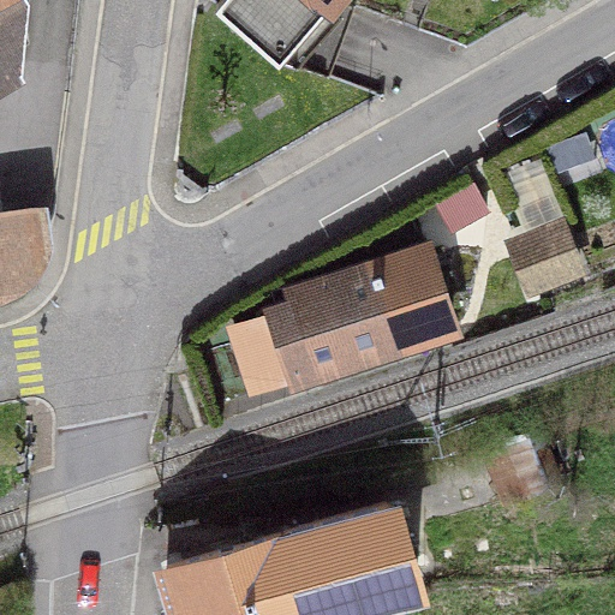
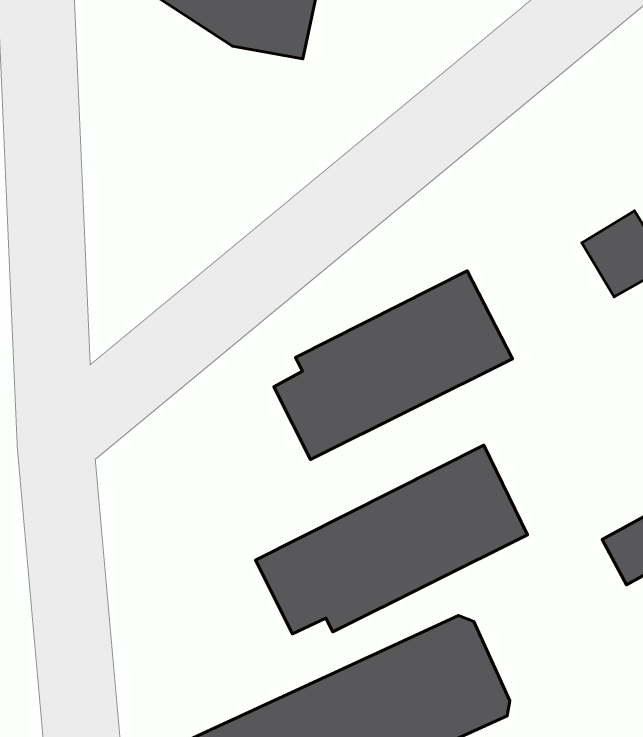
building: none -> [255,445,527,634]

